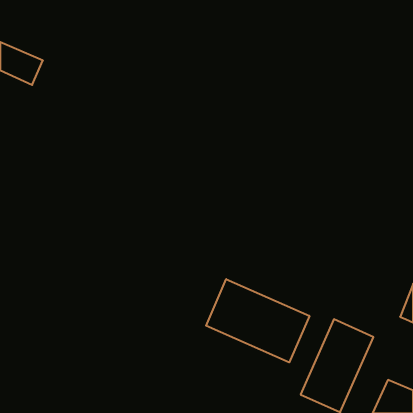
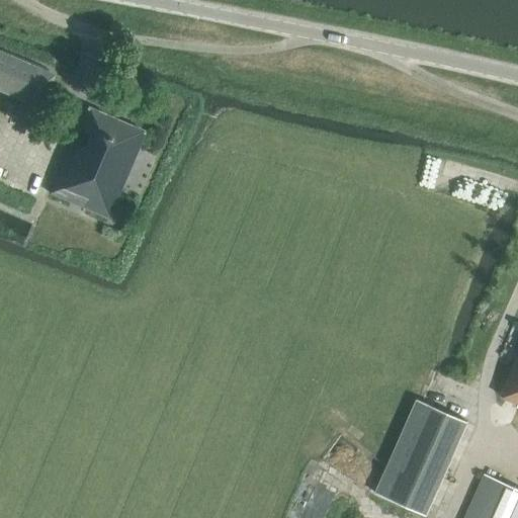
building: none -> [50,107,145,219]
building: [206,279,309,362] -> none

